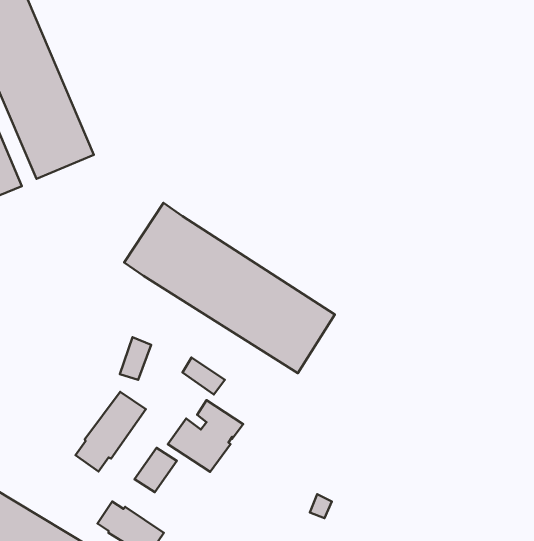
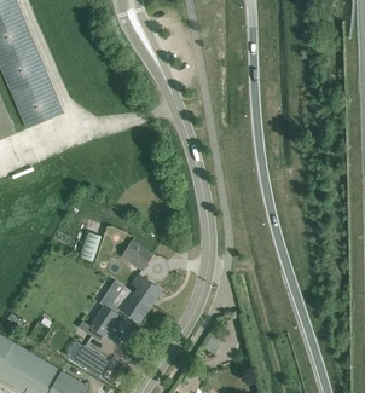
building: [124,203,335,373] -> none
building: [76,392,146,472] -> none

